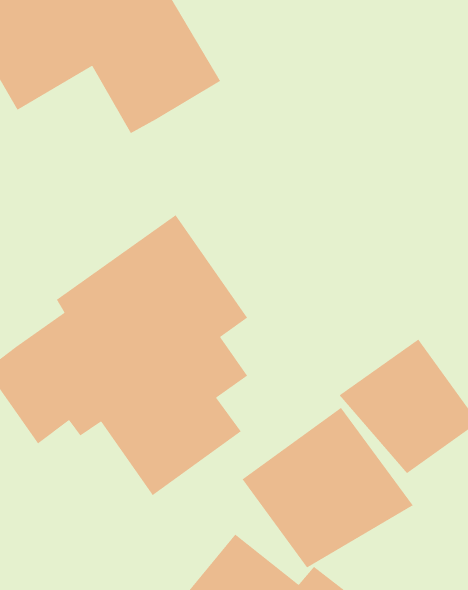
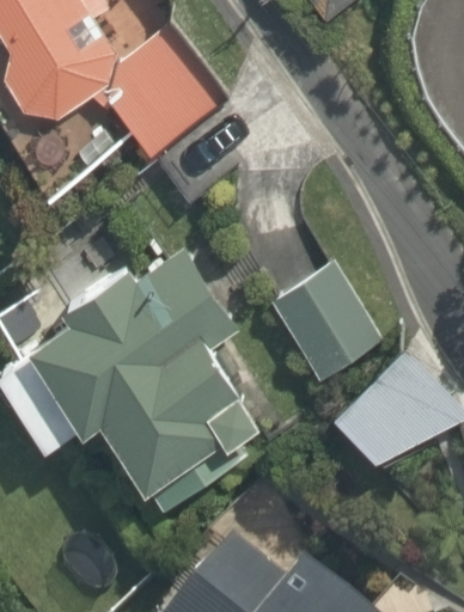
building: none -> [263,255,384,381]
building: [241,407,414,568] -> none

